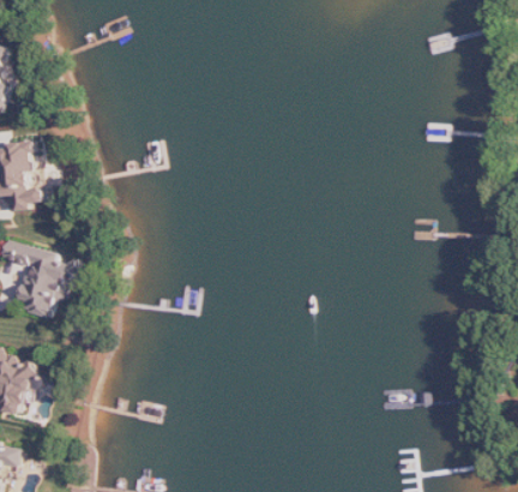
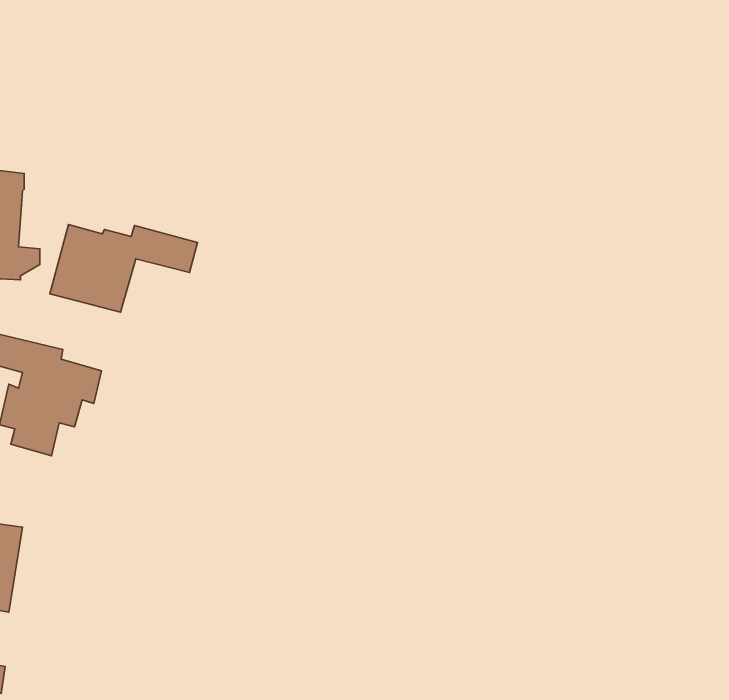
building: none -> [50,225,197,312]

